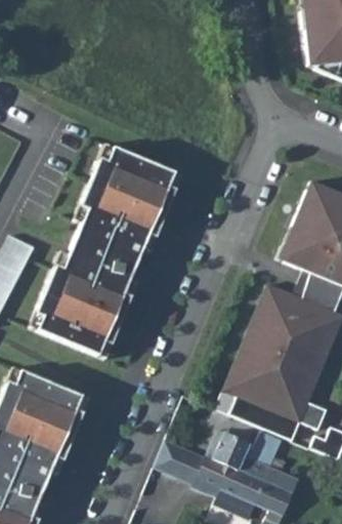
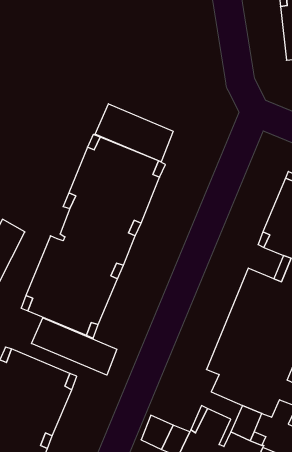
building: none -> [95,104,173,162]
building: none -> [32,318,117,375]

